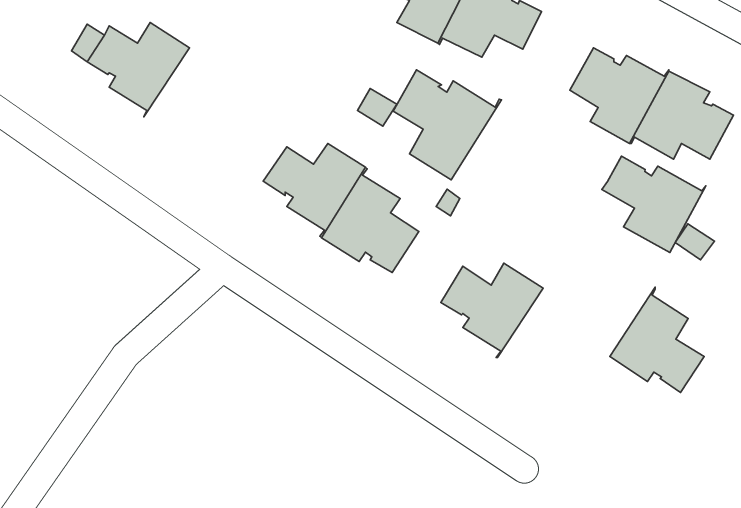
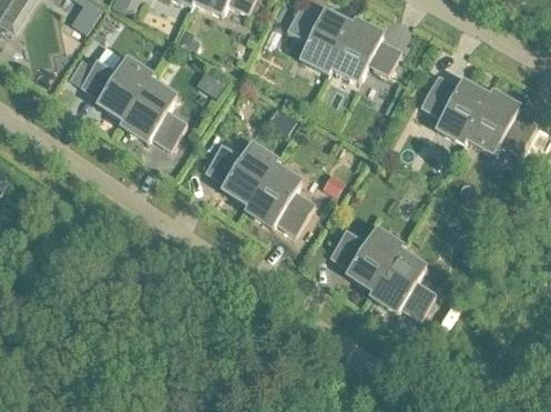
building: none -> [120,74,186,148]
building: [393,70,501,180] -> none
building: [602,156,706,253] -> none
building: [610,287,704,393] -> [369,244,436,319]

